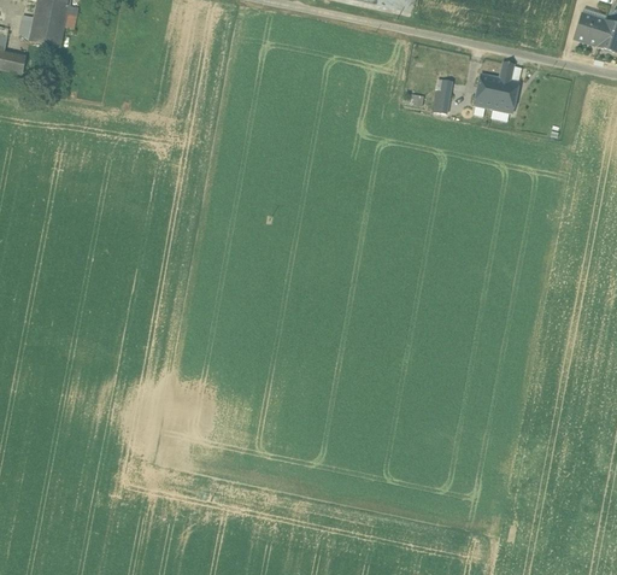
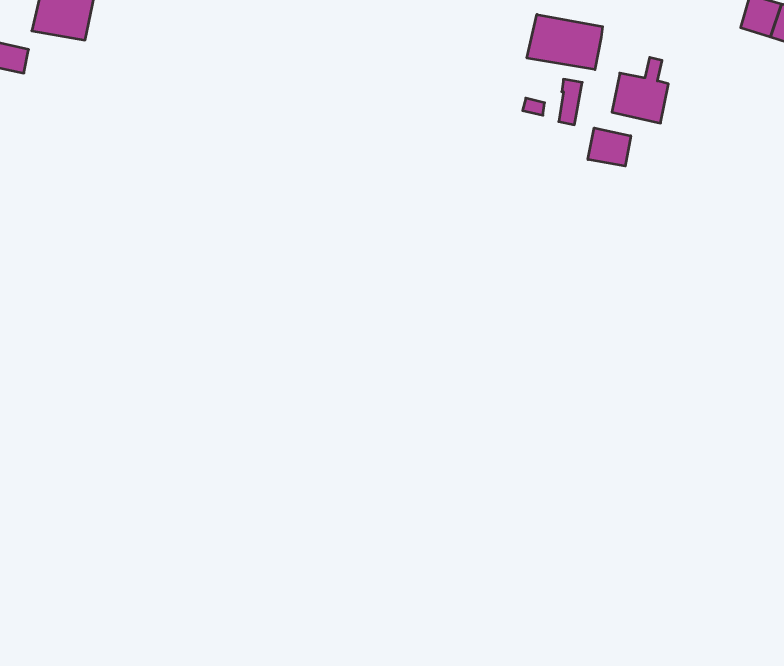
building: none -> [527,14,603,70]
building: none -> [588,128,631,166]

